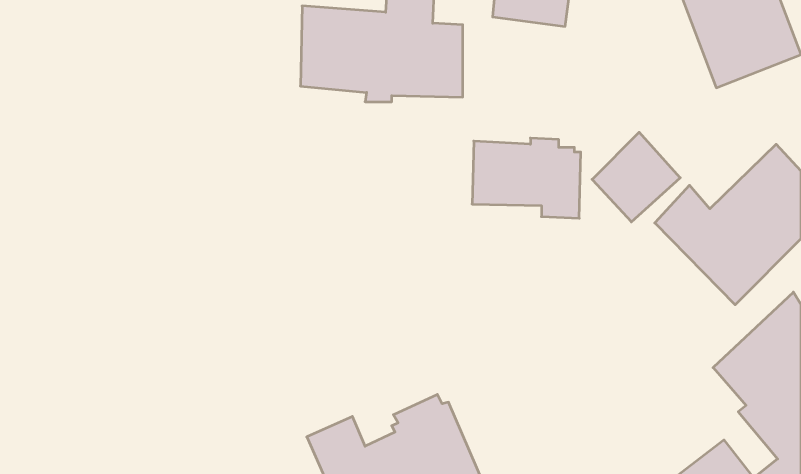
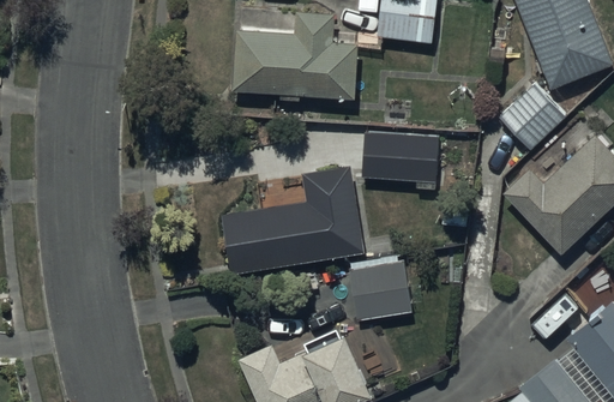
building: [592,132,680,222] -> [498,83,565,151]
building: none -> [219,168,362,276]
building: none -> [349,258,413,323]

